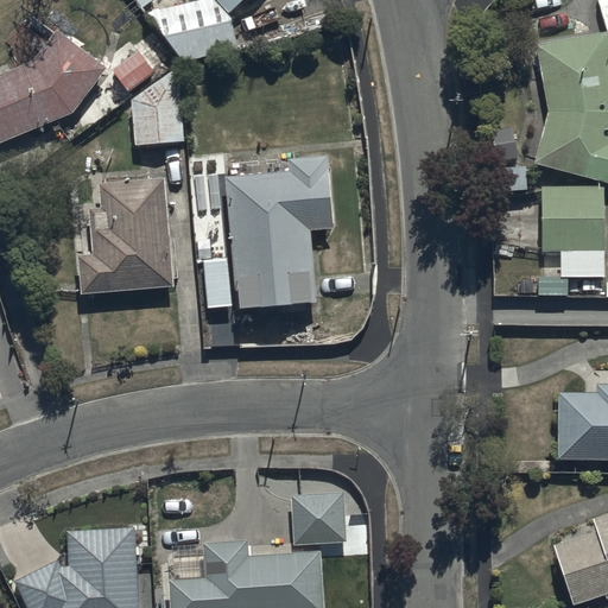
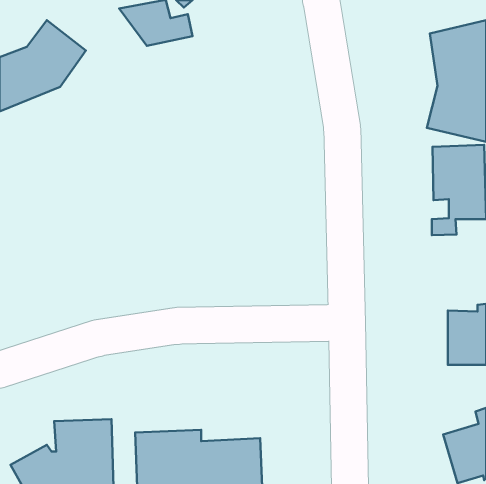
building: [114,50,186,146] -> none
building: [226,154,336,309] -> none
building: [80,178,175,293] -> none
building: [291,493,348,546] -> none

